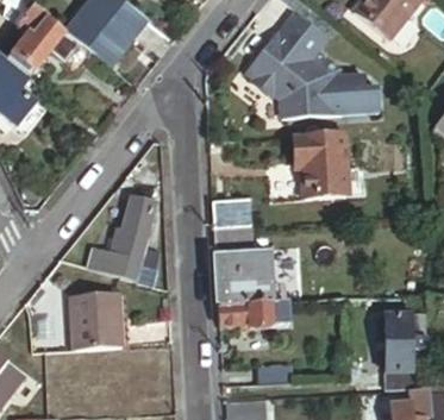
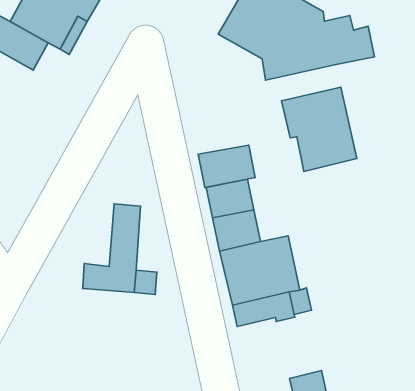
building: none -> [198,145,255,188]
building: [70,295,124,353] -> none

